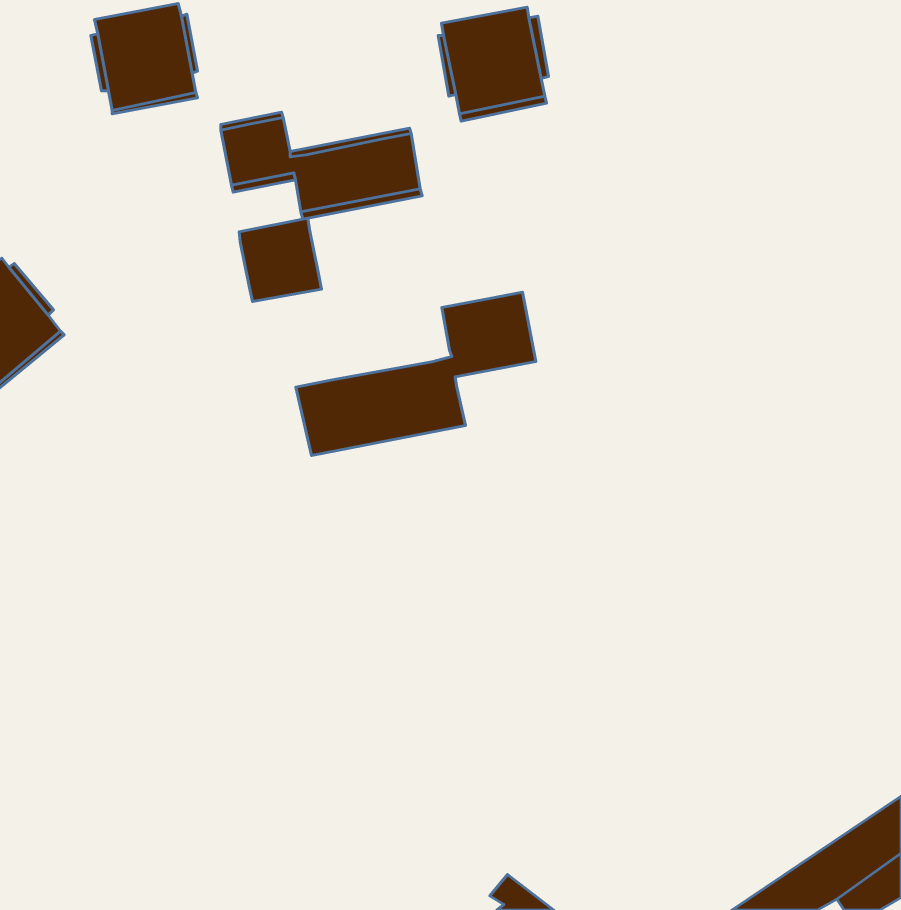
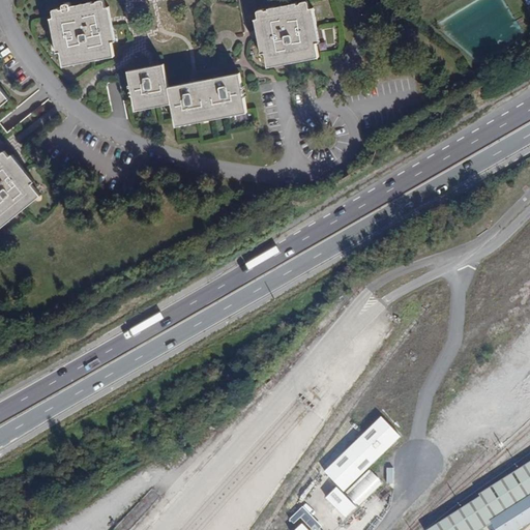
building: [239,218,322,301] -> none
building: [296,292,536,455] -> none
building: none -> [319,416,395,524]

